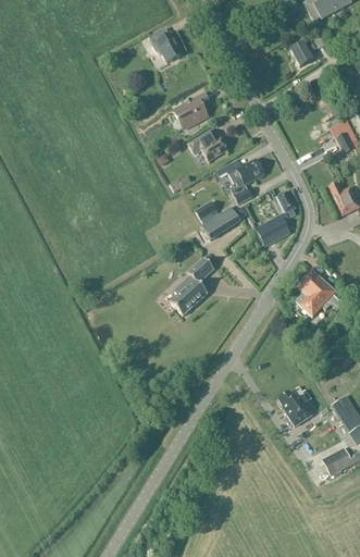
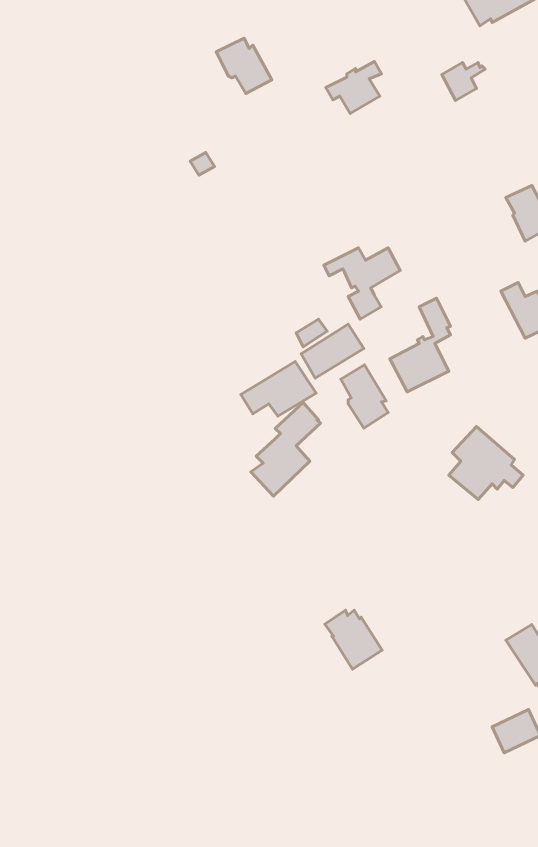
building: [173,92,208,125] -> [326,62,381,114]
building: [187,128,226,160] -> none
building: none -> [241,361,316,416]
building: none -> [341,365,388,428]
building: [277,389,313,426] -> [325,610,382,669]

